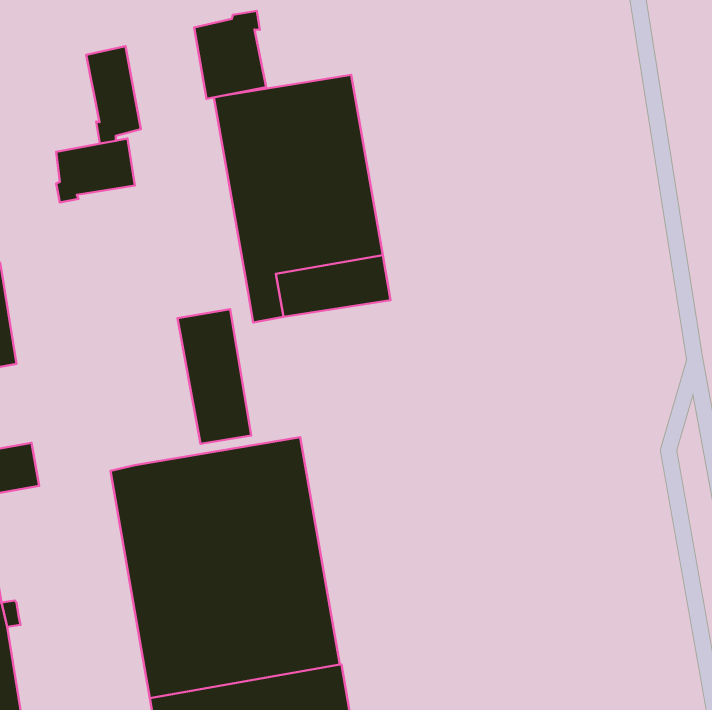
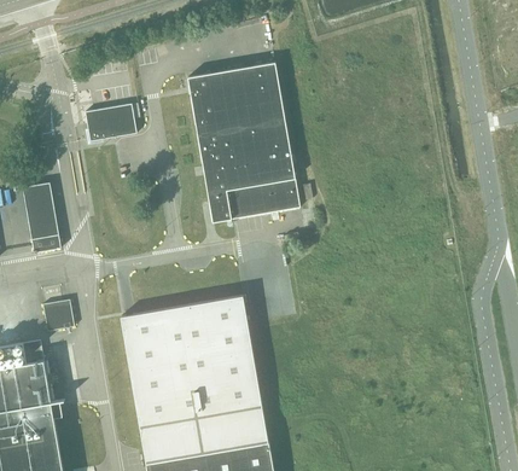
building: [194,11,266,99] -> none
building: [86,46,141,143] -> none
building: [177,309,251,444] -> none

